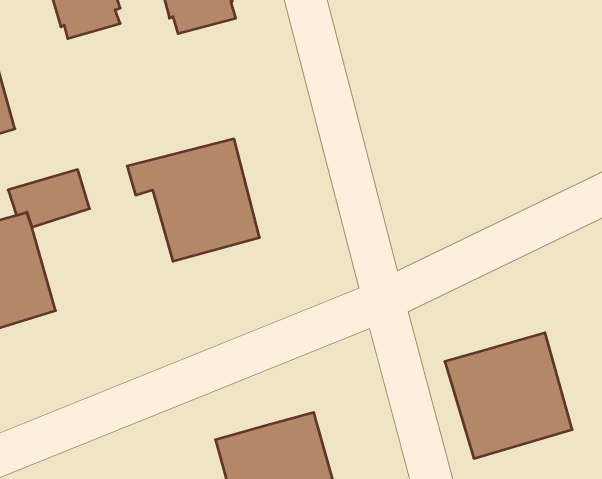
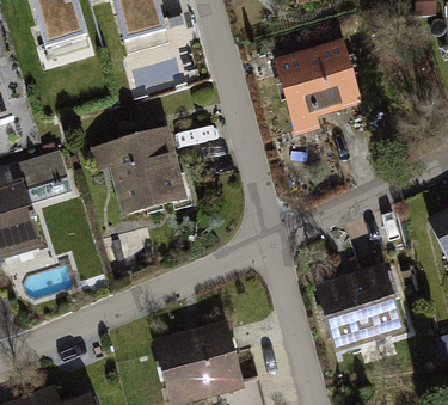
building: none -> [274,37,362,134]

